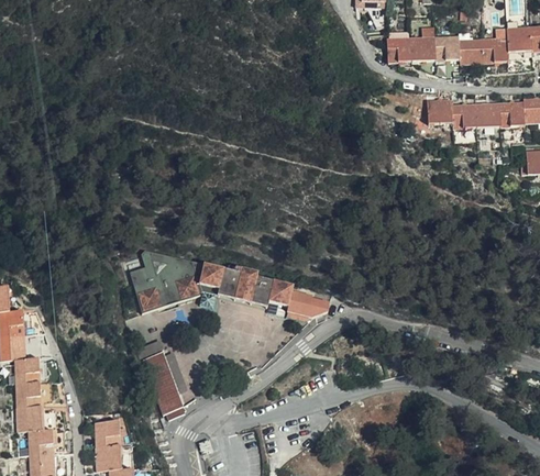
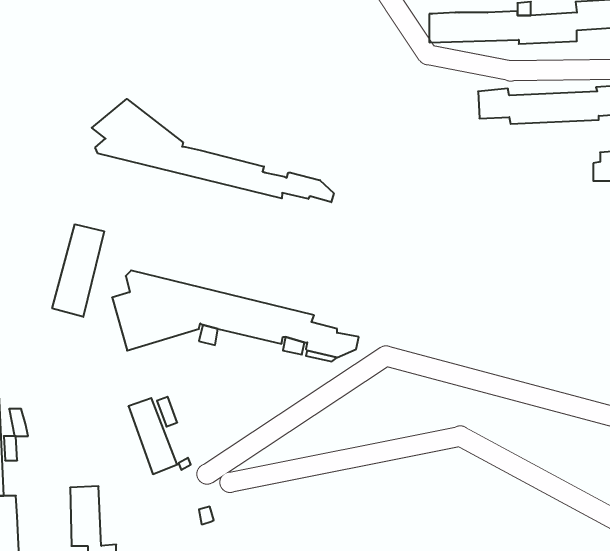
building: none -> [92,99,334,202]
building: none -> [52,224,104,317]

